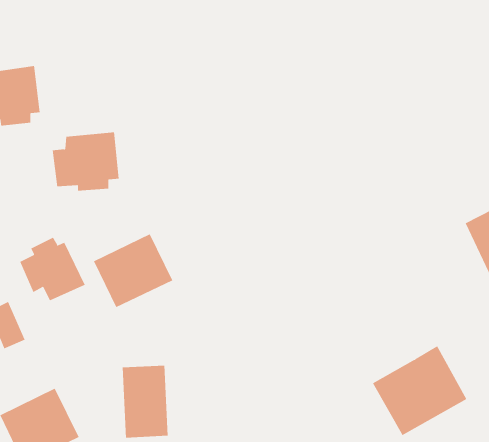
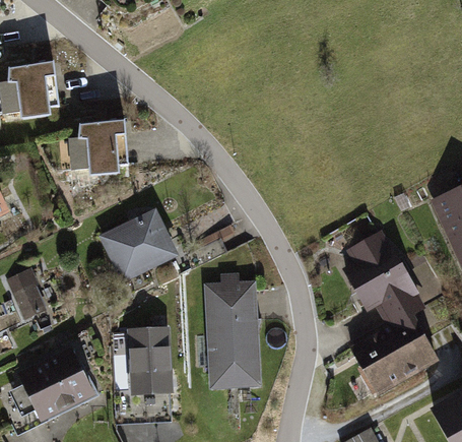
building: [19,237,85,301] -> none
building: none -> [344,235,421,324]
building: none -> [206,282,259,386]

